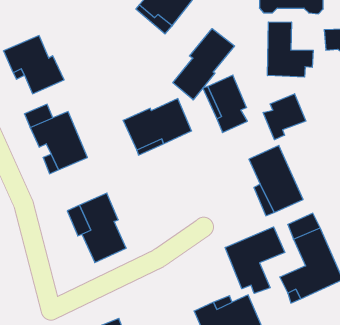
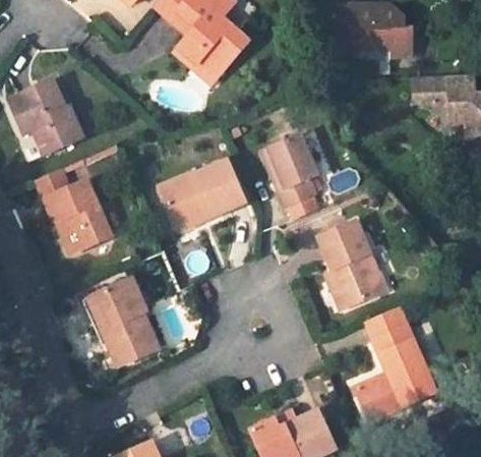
building: [268,22,313,77] -> none
building: [173,29,235,100] -> none
building: [263,94,306,140] -> none
building: [225,227,285,293] -> none

